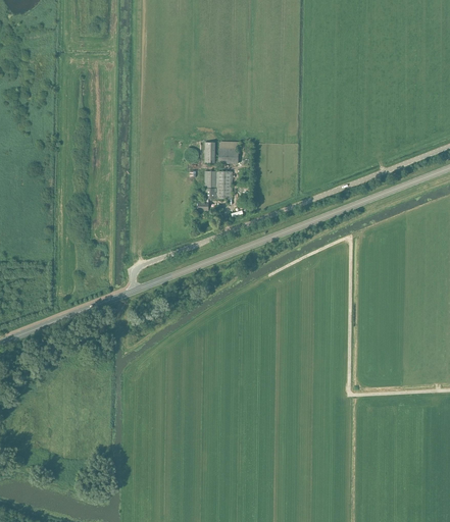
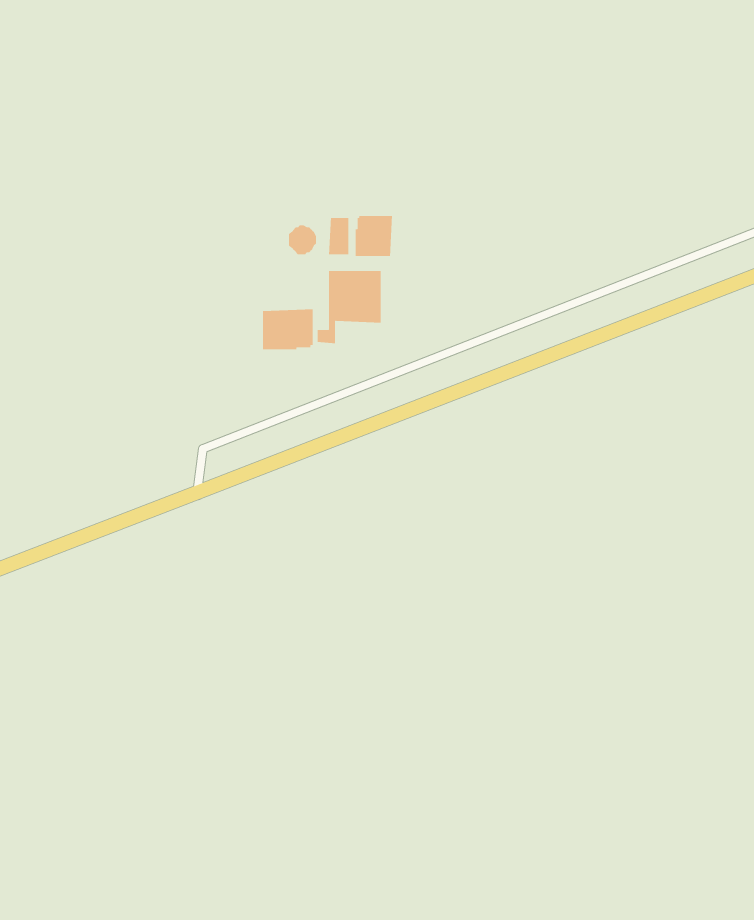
building: none -> [262,308,314,350]

